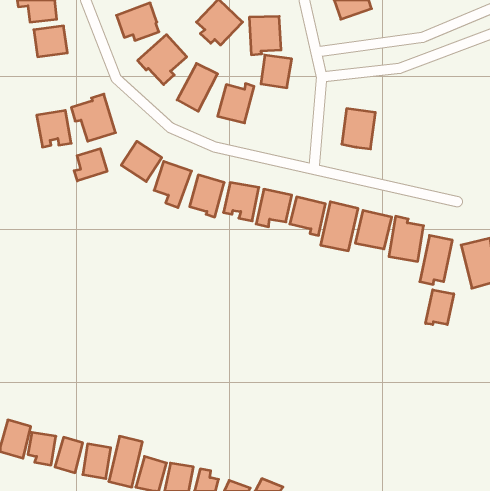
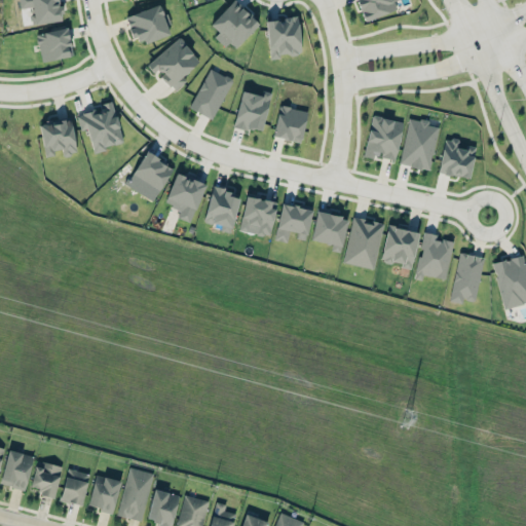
building: [261,55,292,88] -> [275,106,308,141]
building: none -> [401,117,440,170]
building: none -> [440,137,476,178]
building: [74,149,107,181] -> none
building: [426,290,454,325] -> none

